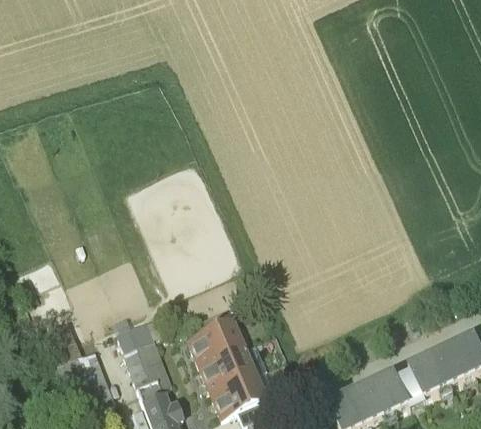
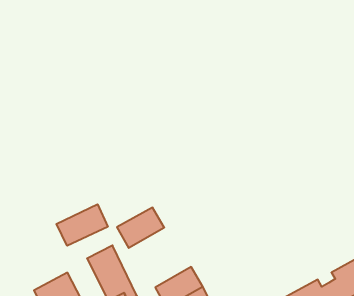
building: none -> [56,204,108,246]
building: [181,318,238,364] -> [117,208,164,248]

